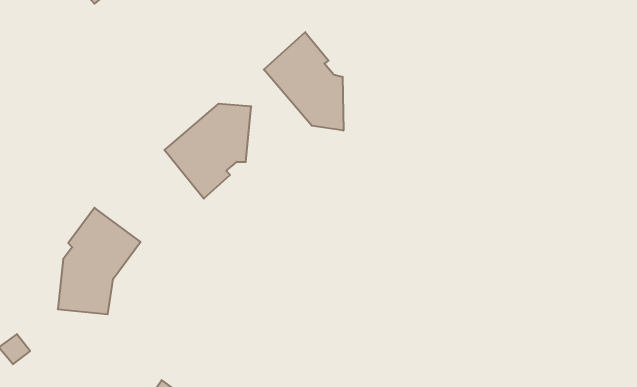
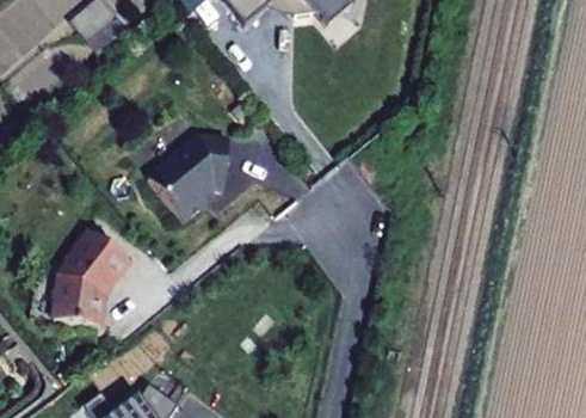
building: [264,32,343,131] -> none

